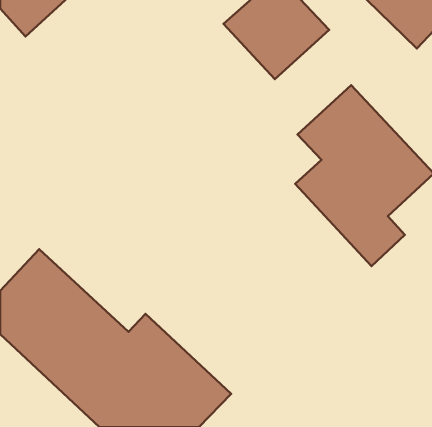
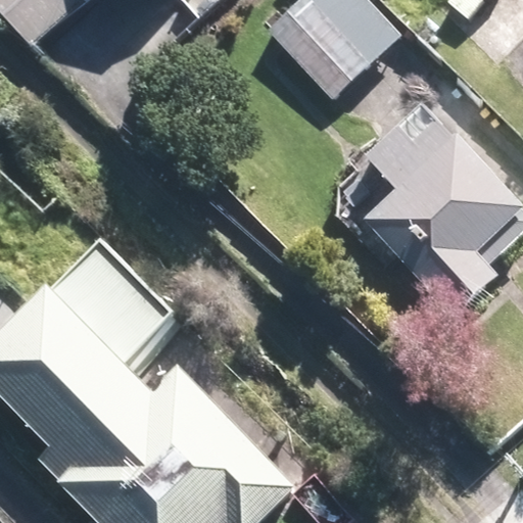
building: none -> [62,243,177,354]

